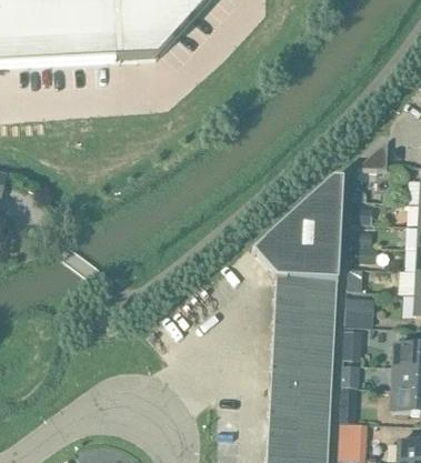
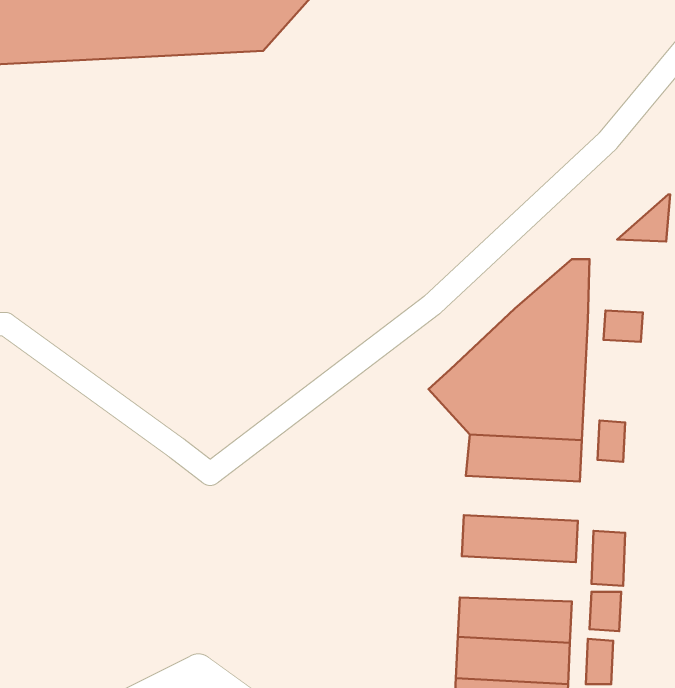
building: [345,295,375,324] -> none
building: [272,298,338,323] -> none
building: [270,343,335,369] -> none

